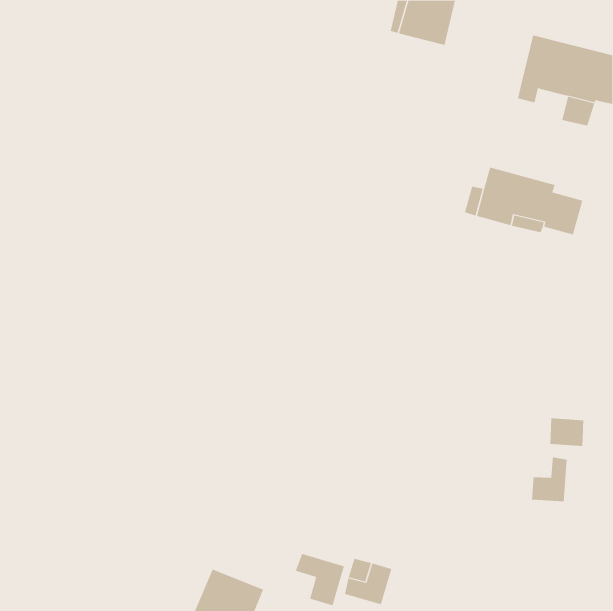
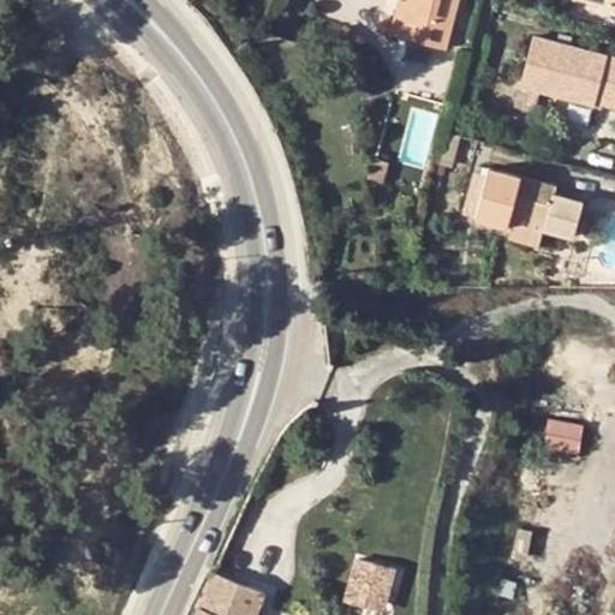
building: [532,457,567,502] -> none
building: [295,553,344,606] -> none

